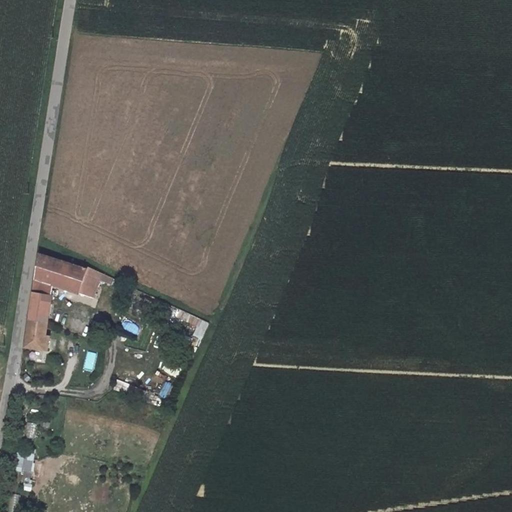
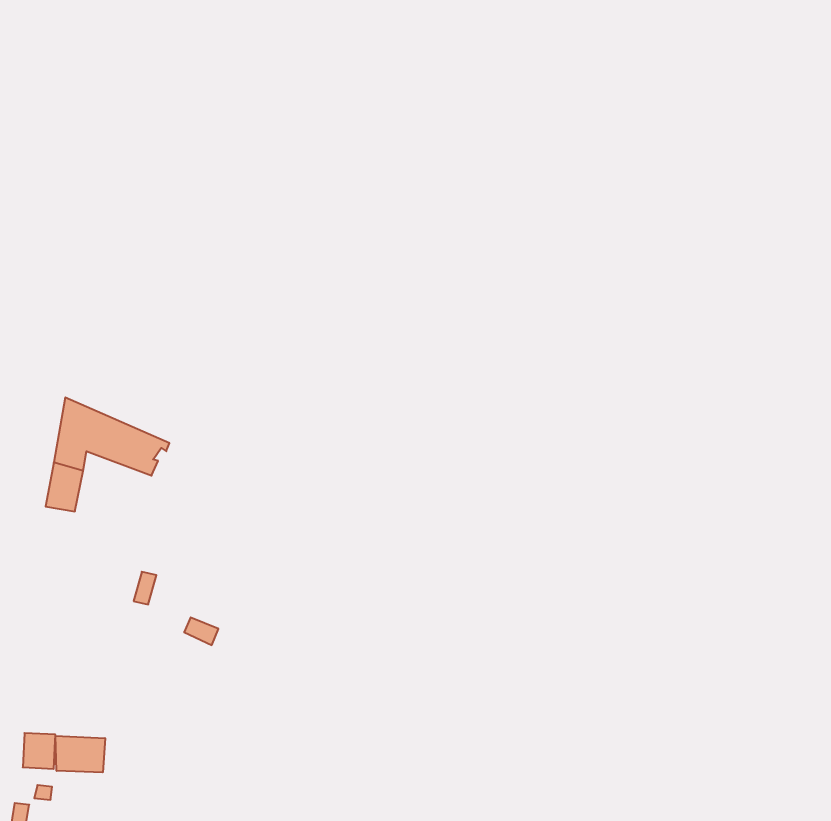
building: [23,318,49,348] -> none
building: none -> [55,736,105,772]

